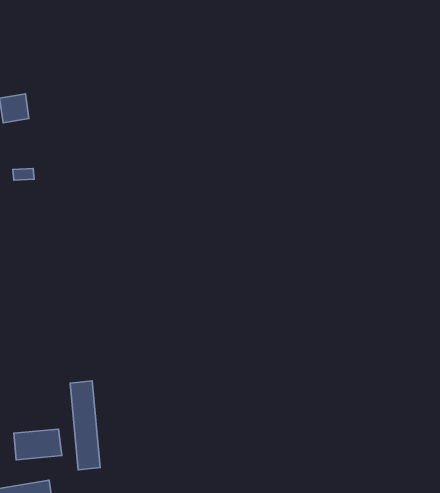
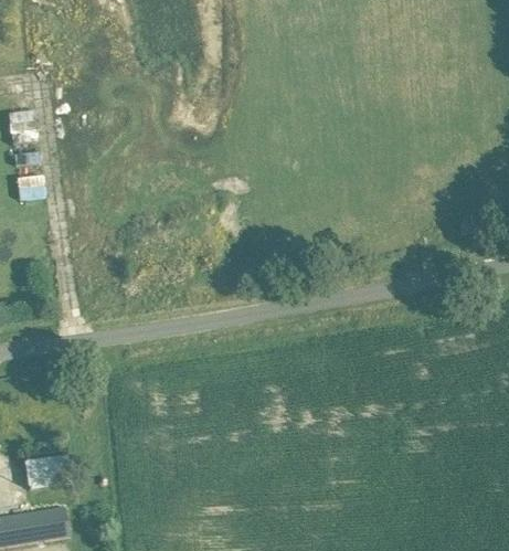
building: [70,381,100,470] -> none

